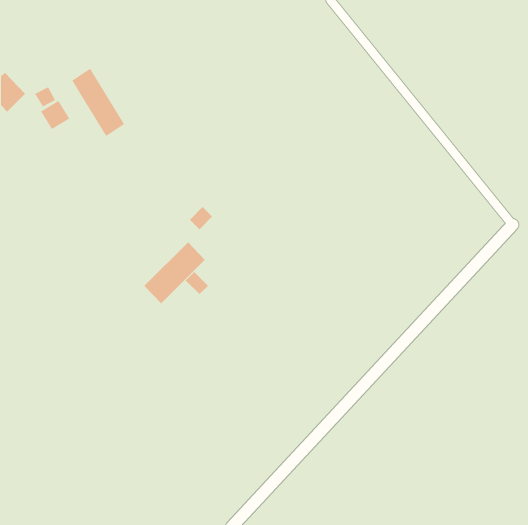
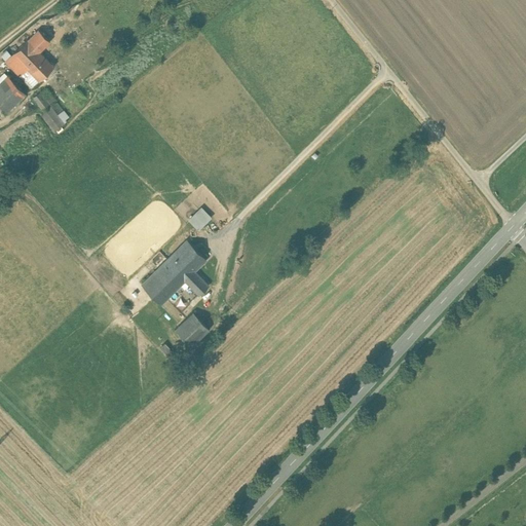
building: none -> [12,40,53,82]
building: [71,68,125,137] -> none
building: none -> [175,313,209,348]

